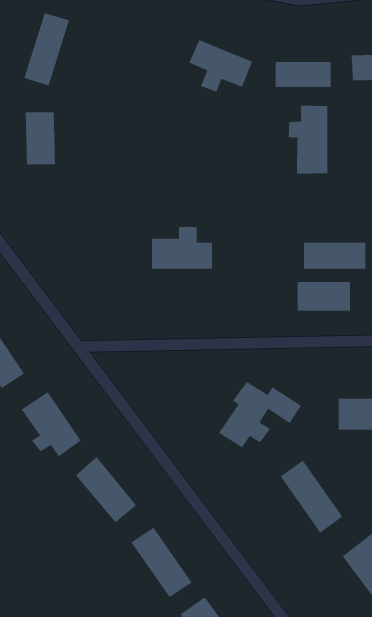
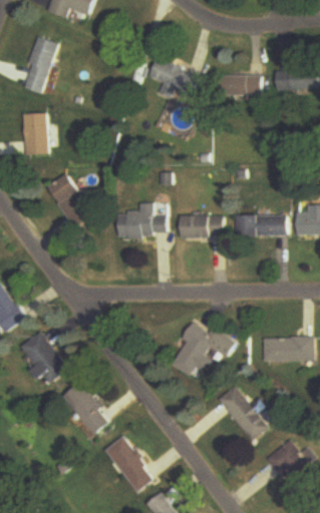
building: [288,105,328,174] -> none
building: none -> [50,174,90,227]
building: [297,281,351,311] -> [181,215,223,238]

